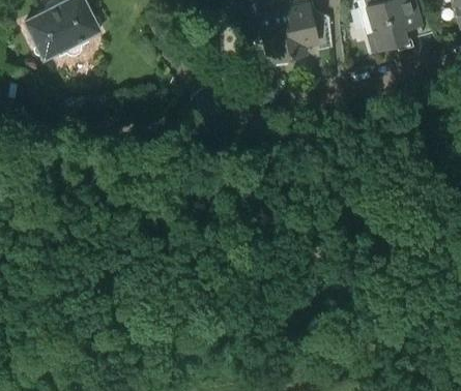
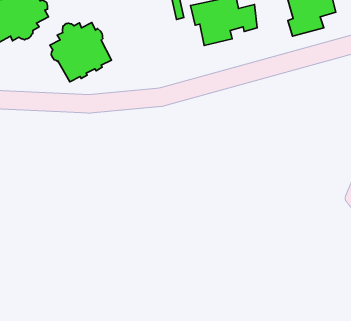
building: none -> [50,23,111,82]

